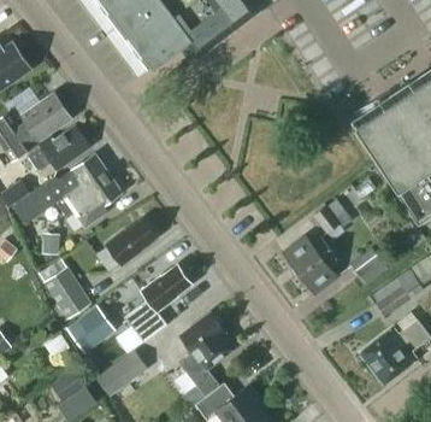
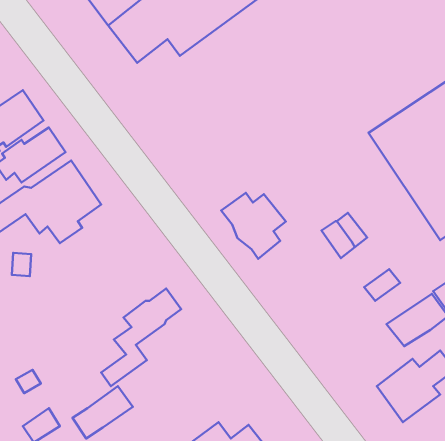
building: [96,218,155,270] -> none
building: [283,235,340,293] -> [221,193,286,259]
building: [43,266,91,320] -> none
building: [69,310,116,354] -> none
building: [178,312,231,385] -> none

